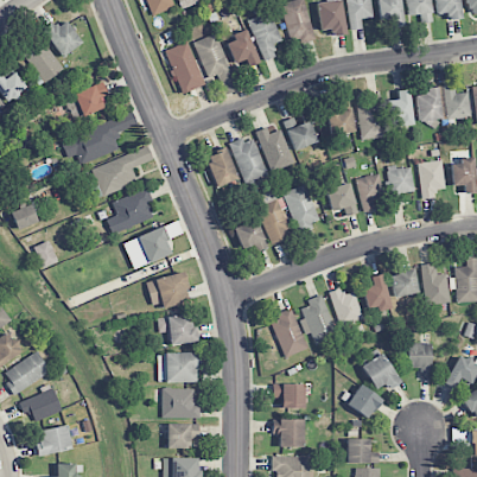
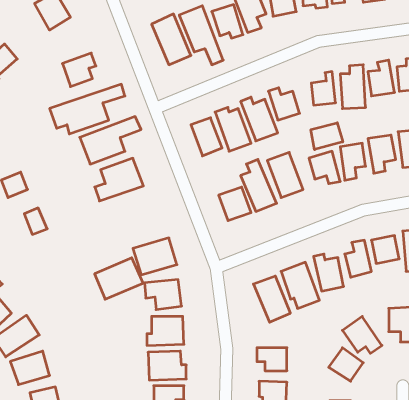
building: [28,45,64,83] -> none
building: none -> [311,123,343,150]
building: [123,227,173,269] -> [95,258,143,299]

